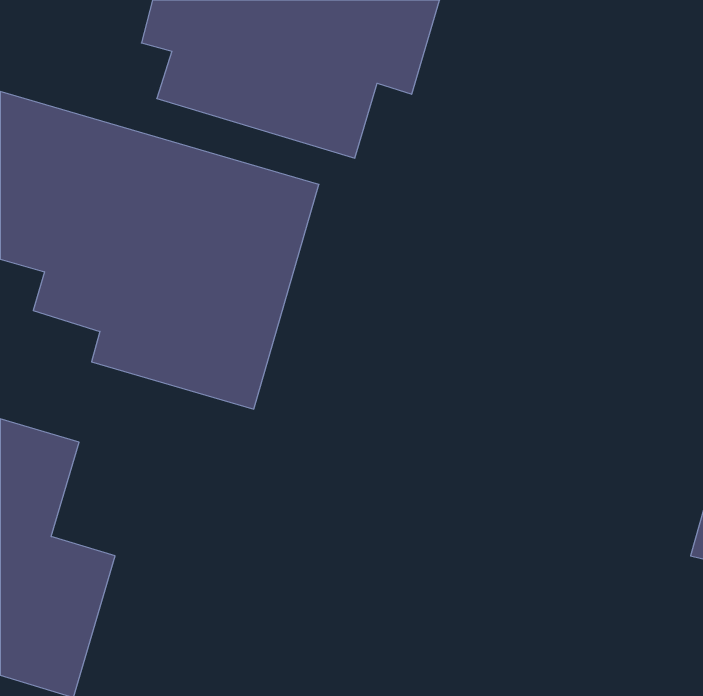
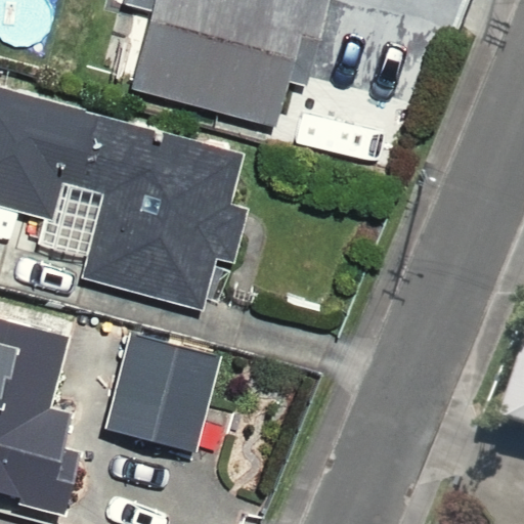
building: none -> [99,342,223,454]

